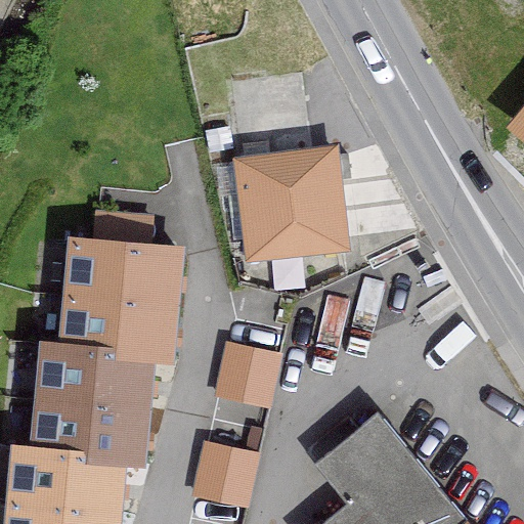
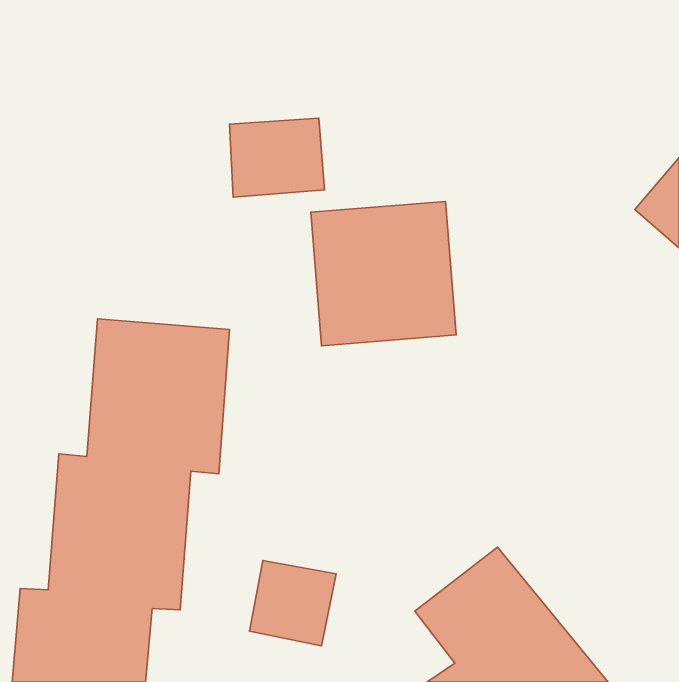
building: none -> [230,118,324,197]
building: [212,330,280,397] -> none

